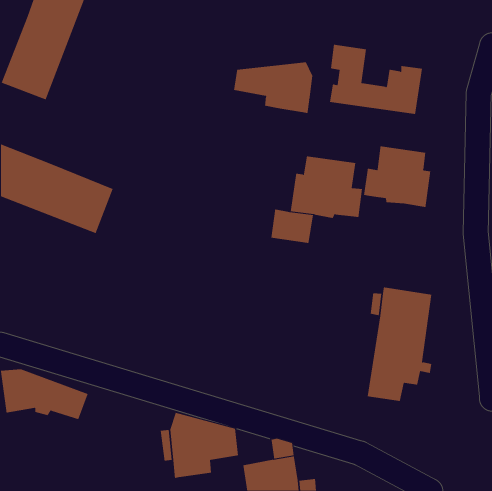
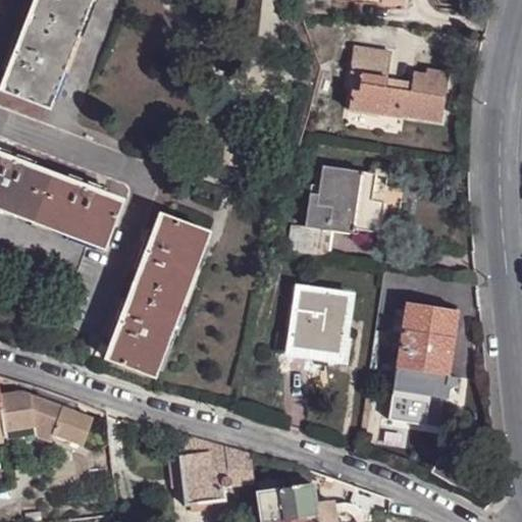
building: [234,61,313,114] -> none
building: [363,146,431,208] -> none
building: none -> [105,215,207,375]
building: none -> [286,285,349,357]

